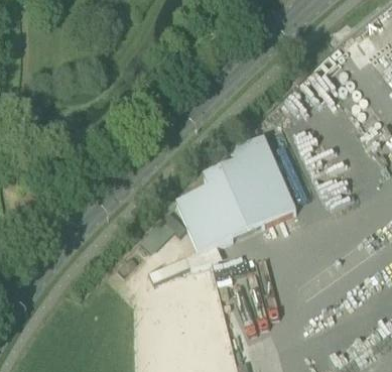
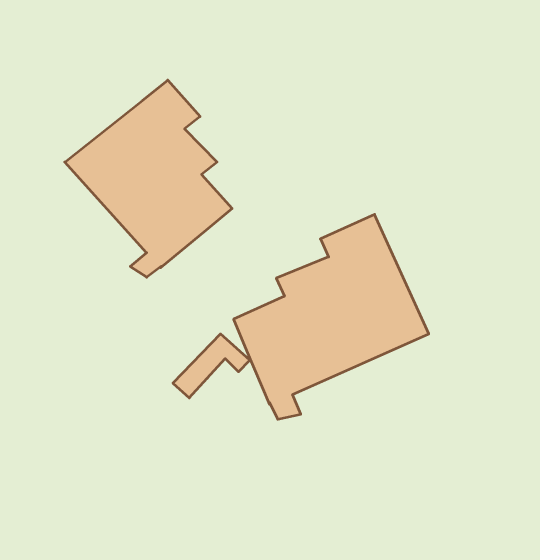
building: none -> [65,80,232,277]

